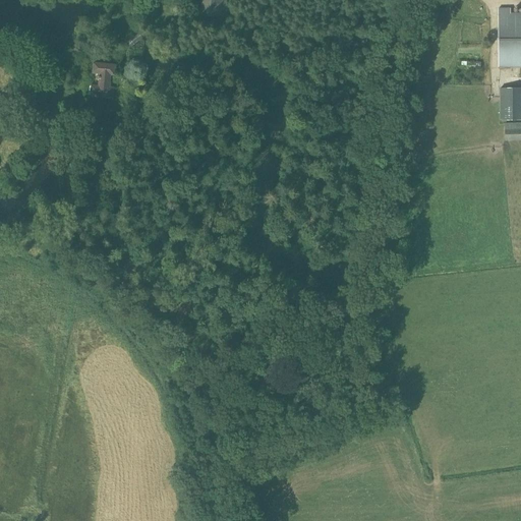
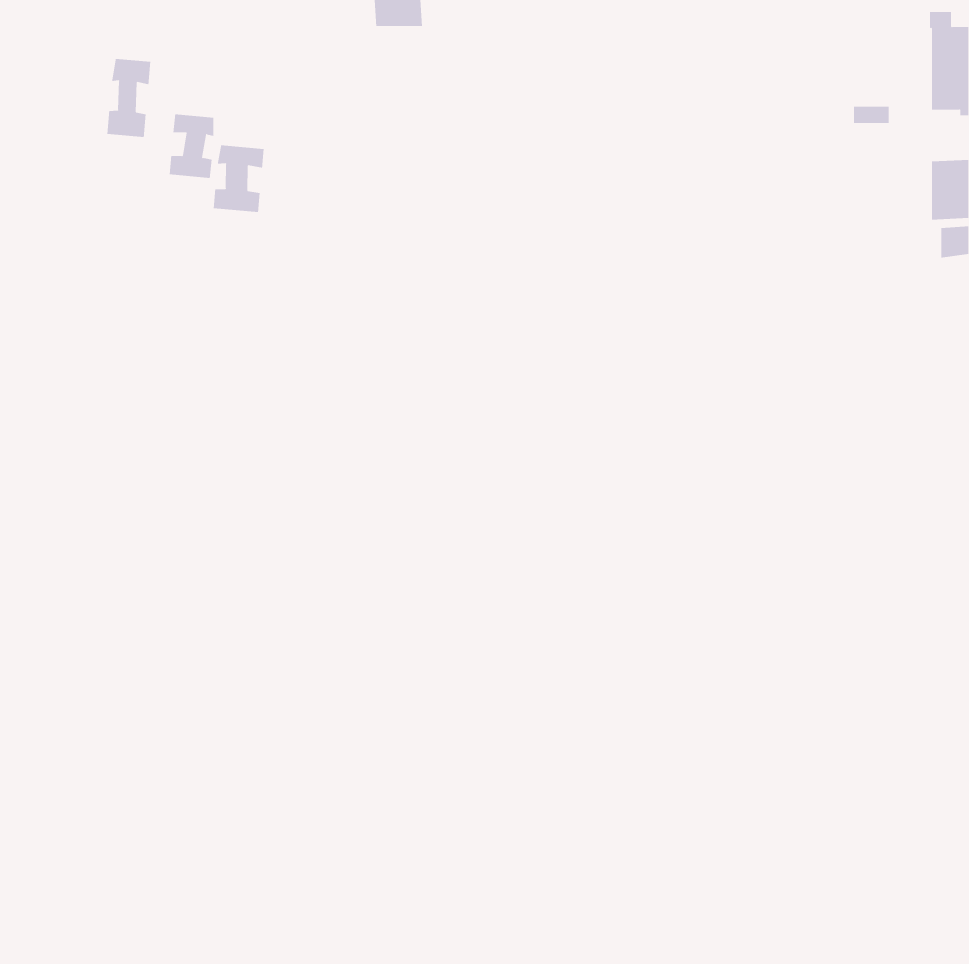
building: none -> [107,58,151,138]
building: none -> [213,145,264,213]

